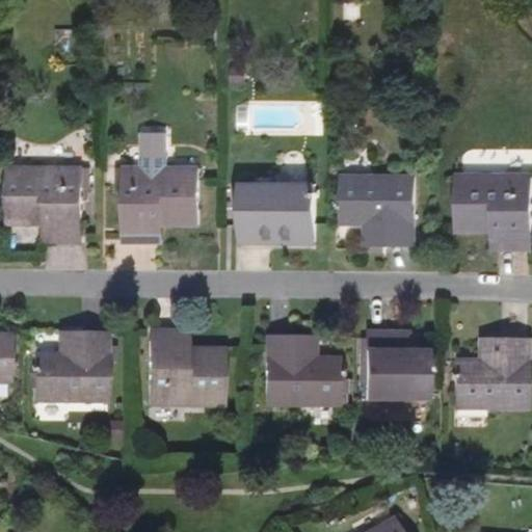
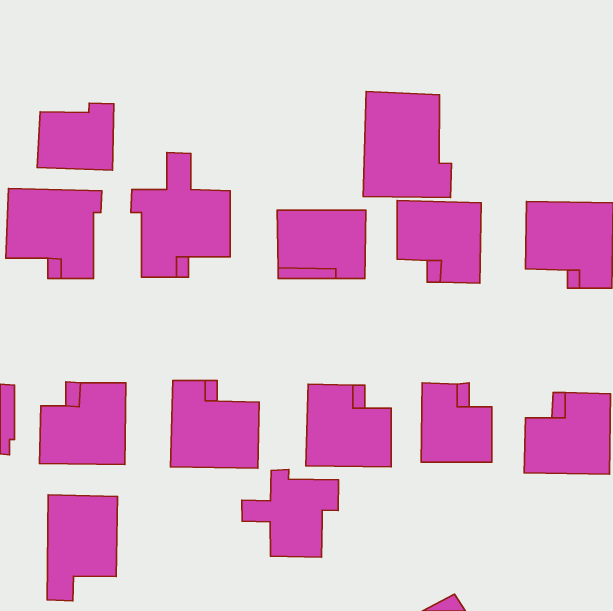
building: none -> [363,91,451,198]
building: none -> [37,103,114,170]
building: none -> [242,470,339,557]
building: none -> [47,495,117,601]

